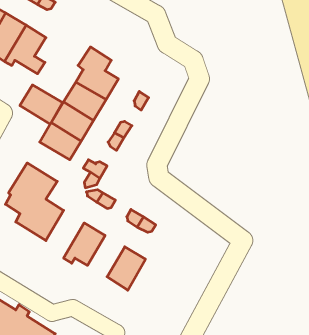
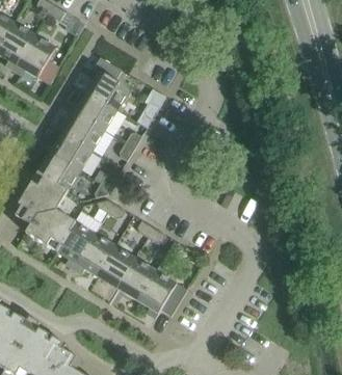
building: [20,85,62,124] -> [37,153,80,192]
building: none -> [56,211,101,269]
building: none -> [98,246,135,288]
building: none -> [138,266,187,319]

